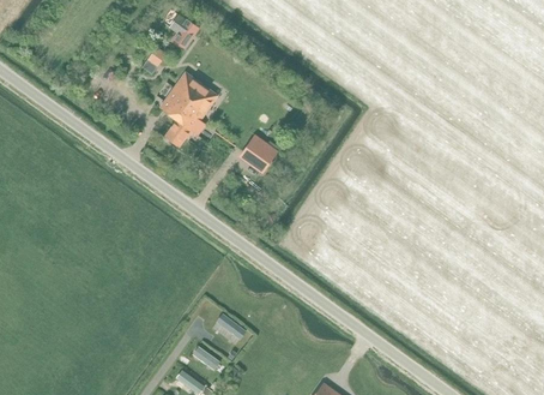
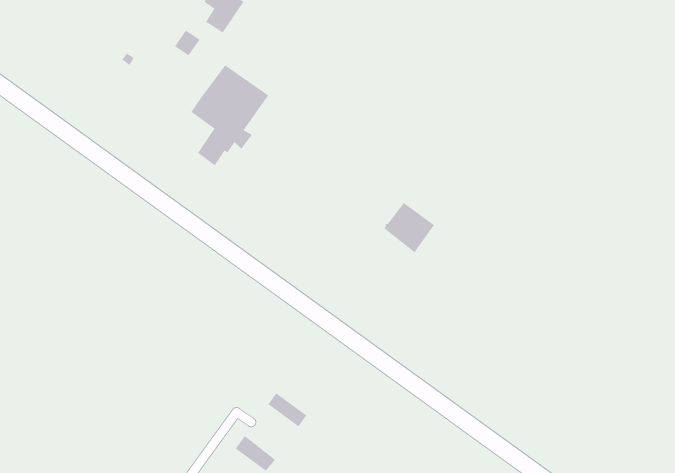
building: [240,136,277,173] -> [384,202,435,253]

